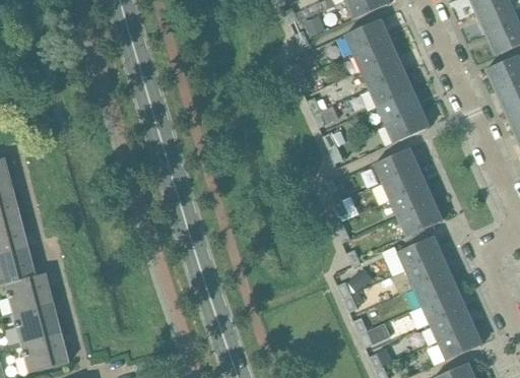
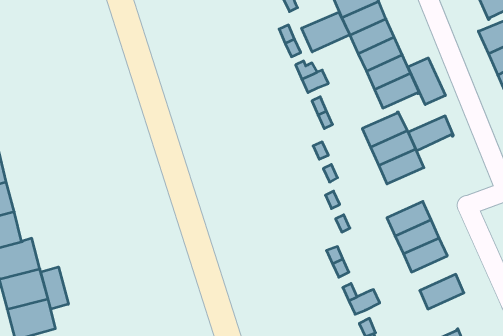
building: none -> [302,12,350,52]
building: none -> [408,58,445,105]
building: [397,202,442,237] -> [408,116,453,151]
building: [421,290,465,324] -> none
building: none -> [41,267,68,309]
building: [438,326,481,361] -> none

